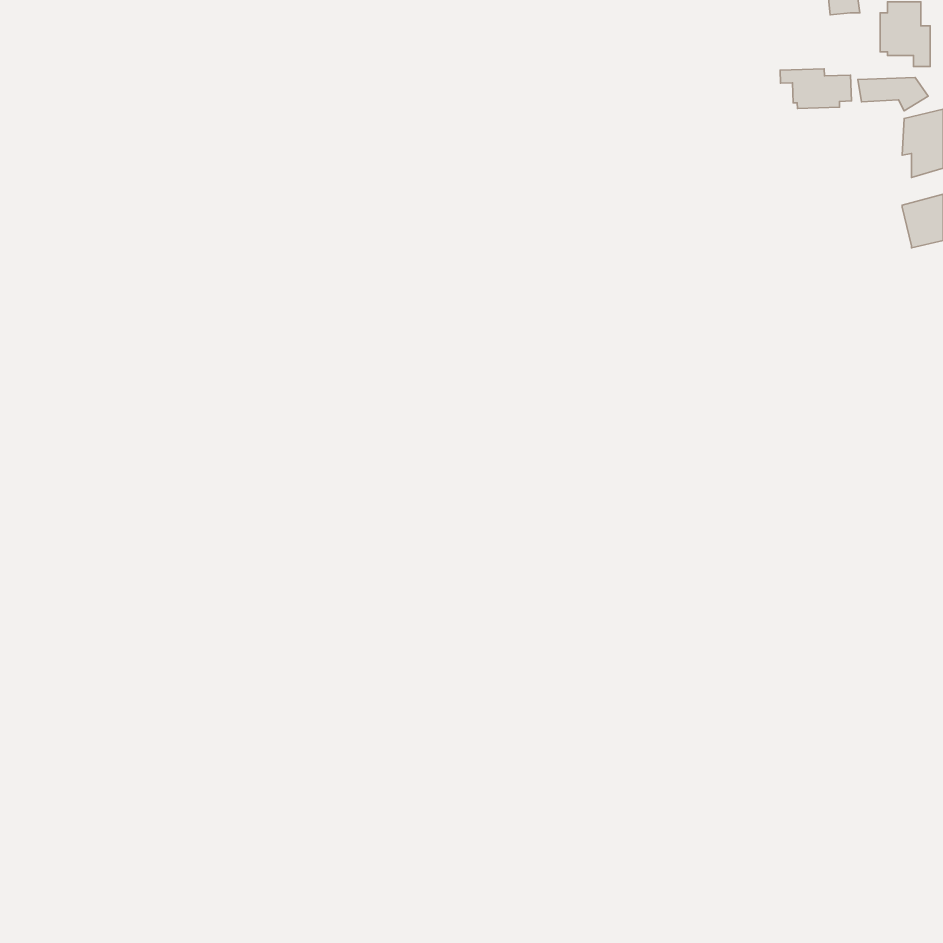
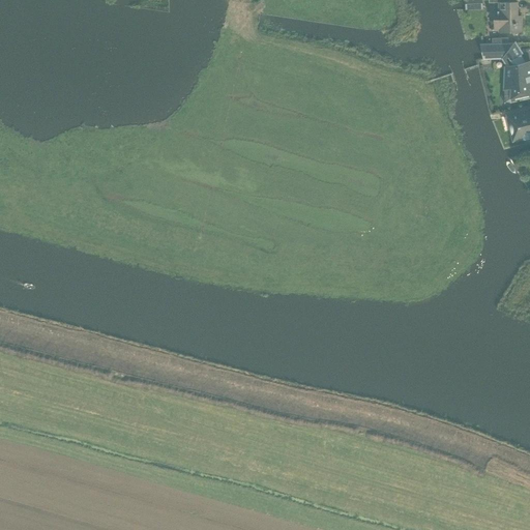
building: [780,69,851,108] -> none

